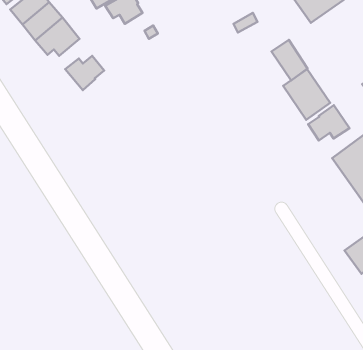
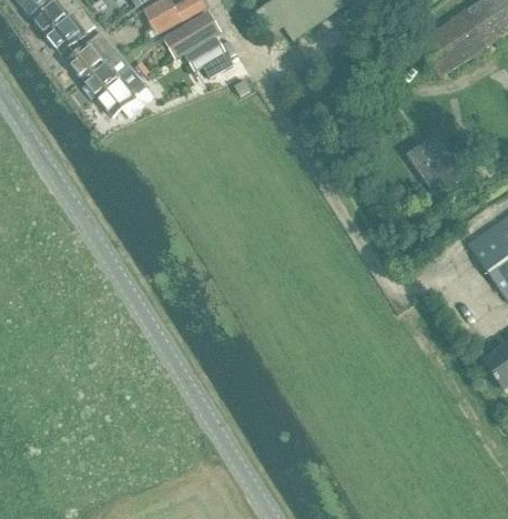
building: [271,40,308,80] -> none
building: [65,56,104,90] -> none
building: [308,105,350,140] -> none

